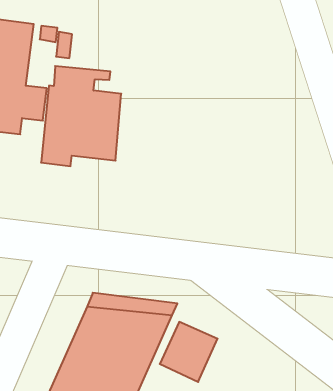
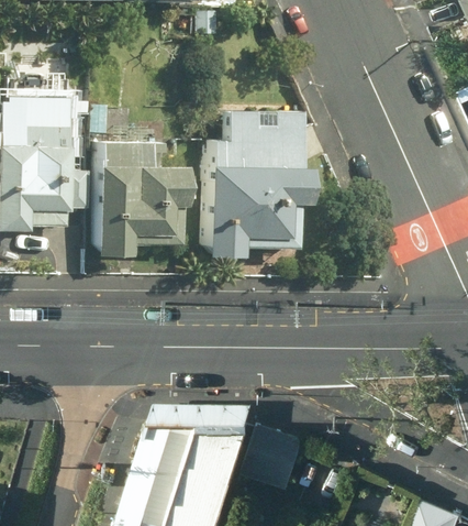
building: none -> [199,101,298,253]

